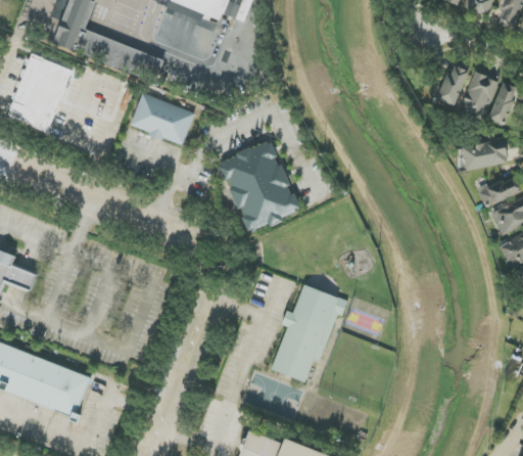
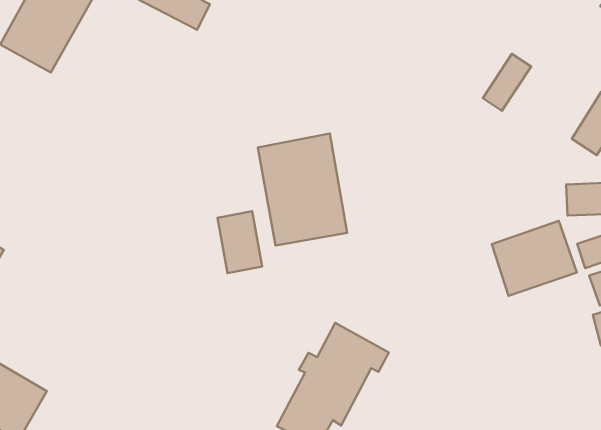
building: [437,60,470,105] -> [483,54,531,111]
building: [130,92,194,146] -> none
building: none -> [492,221,577,296]
building: none -> [218,211,262,273]

